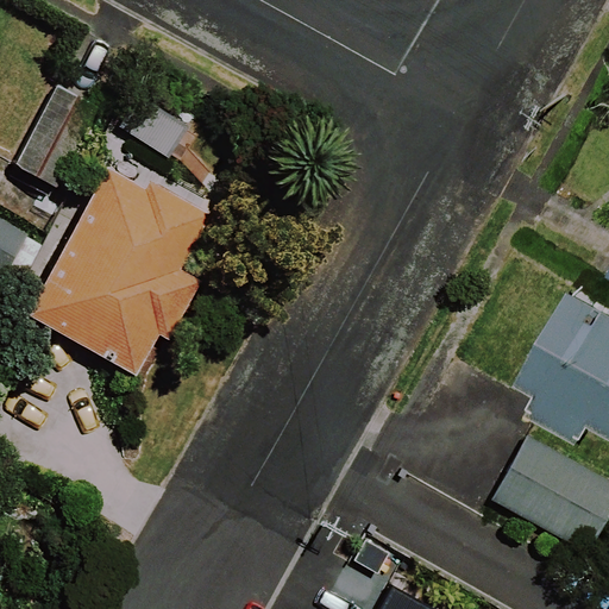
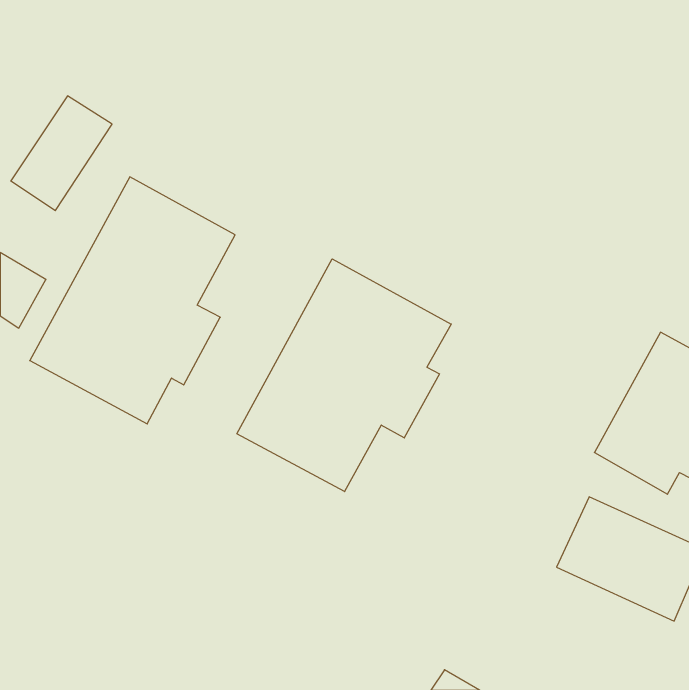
building: none -> [237,259,451,492]

